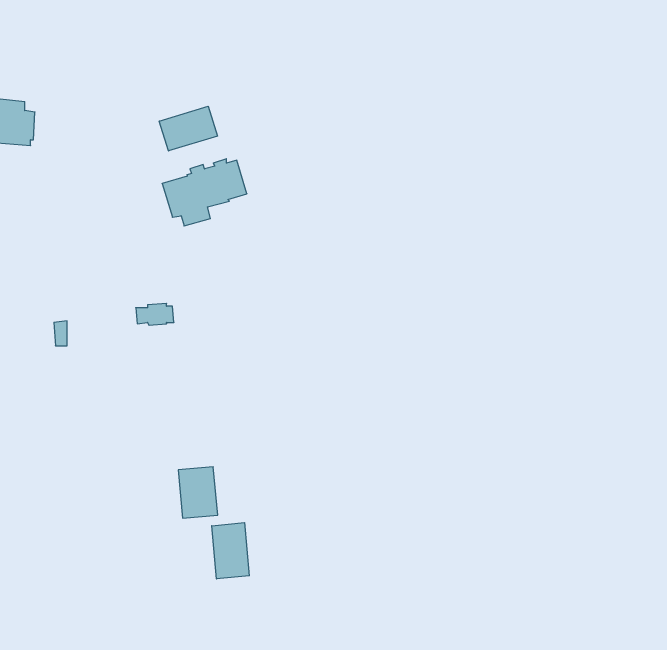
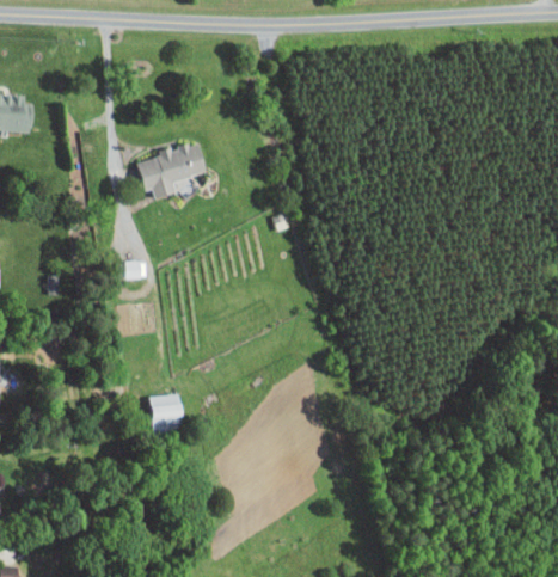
building: [159,106,217,151] -> none
building: [212,523,249,579] -> none

